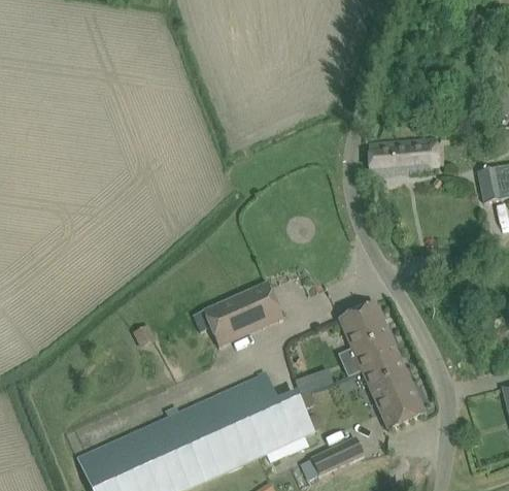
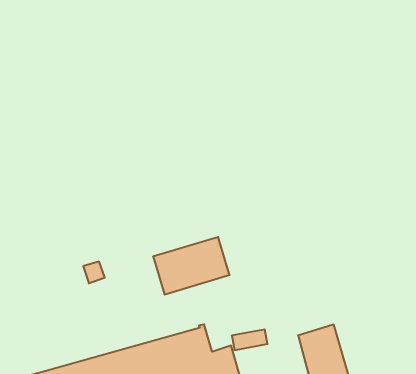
building: [369,137,439,175] -> none
building: [339,300,398,368] -> none

